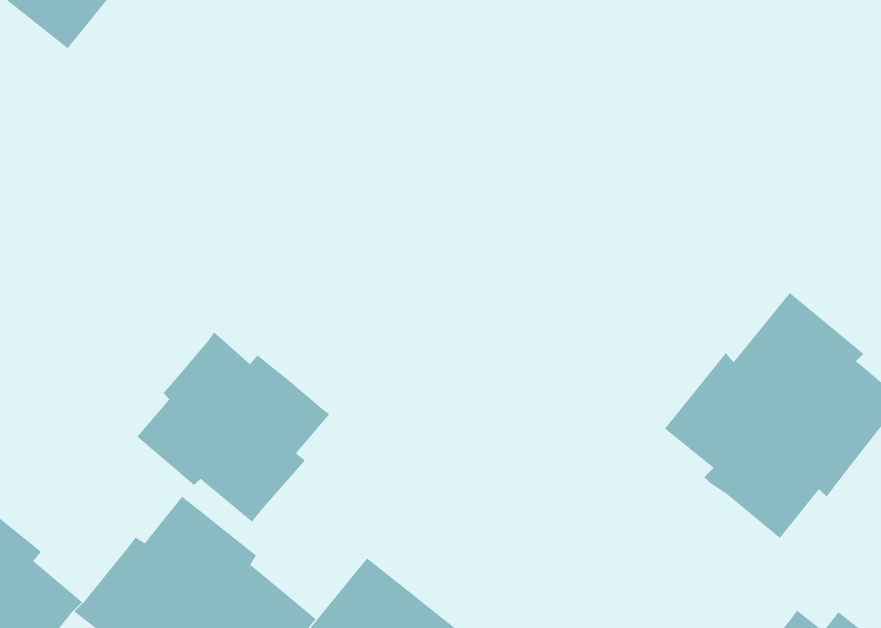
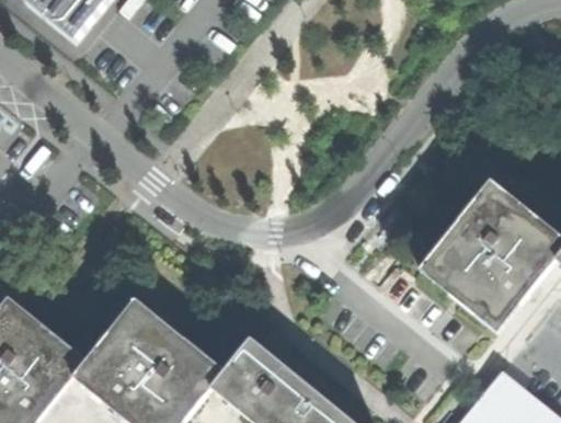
building: [137,332,330,522] -> none

